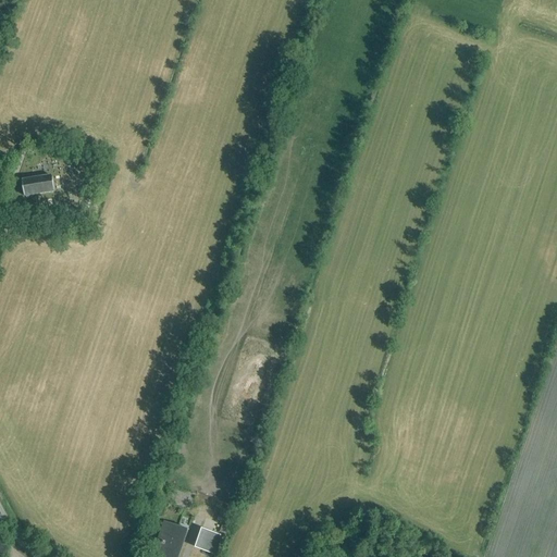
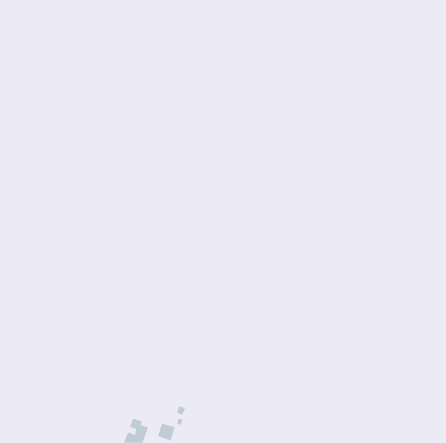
building: [22,173,53,194] -> none

